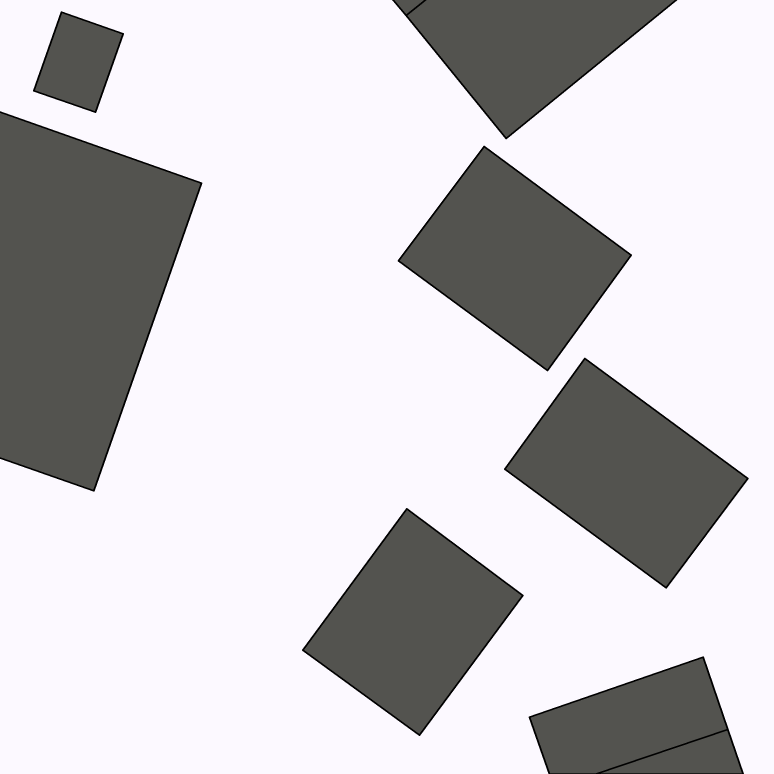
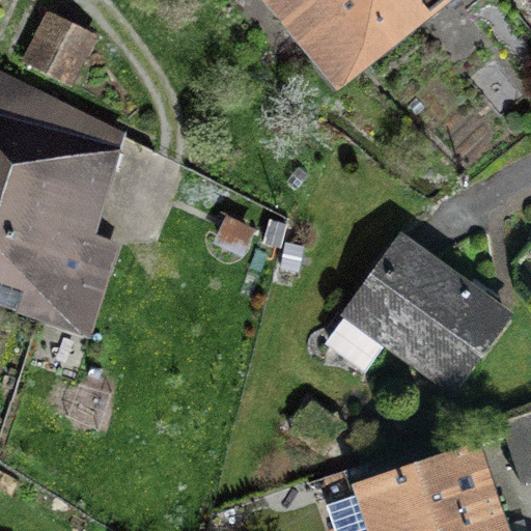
building: [399,147,631,370] -> none
building: [303,509,523,735] -> none

